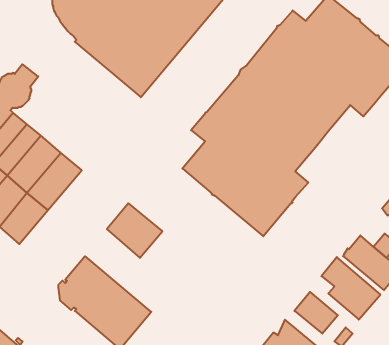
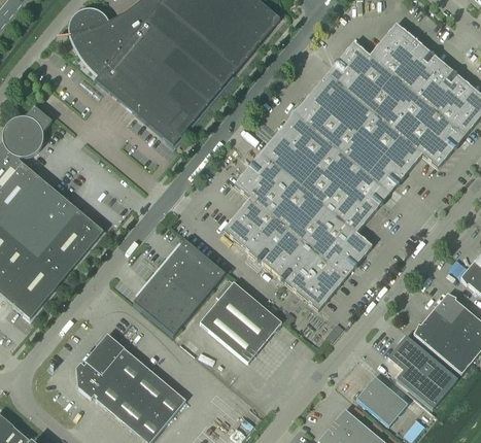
building: none -> [159,239,225,303]
building: none -> [199,281,281,362]
building: none -> [434,293,462,321]

